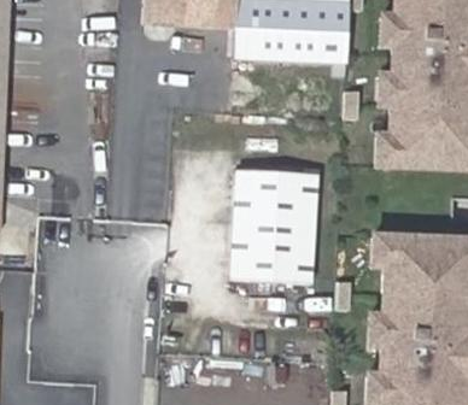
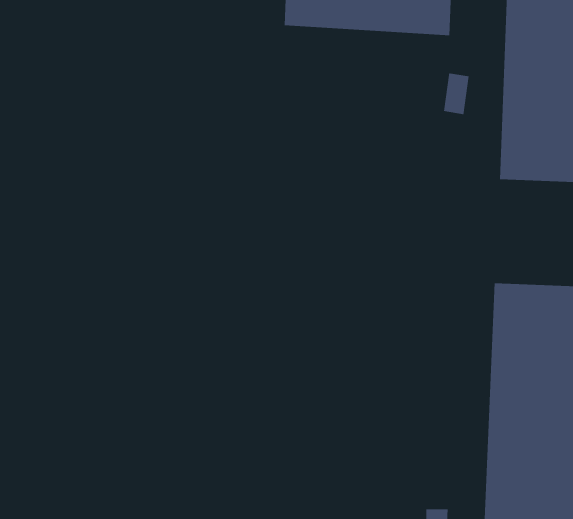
building: [232,170,320,283] -> none

